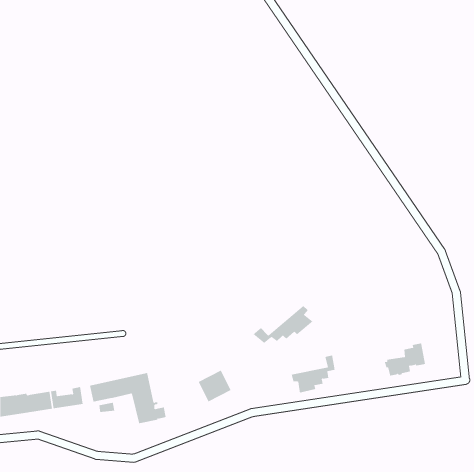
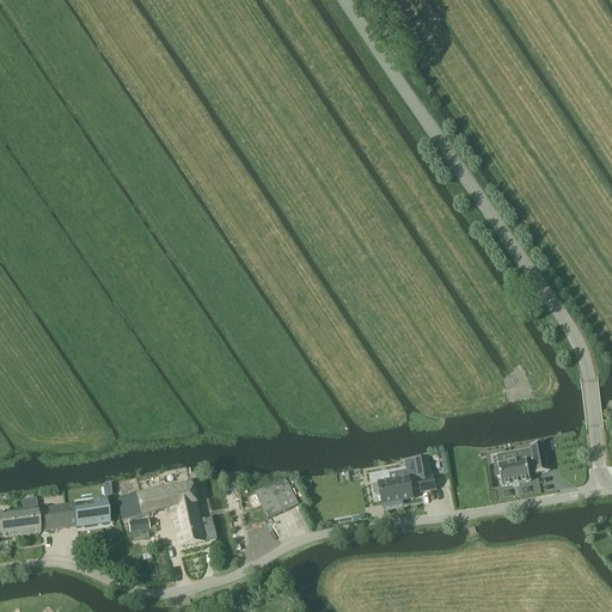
building: [253,305,314,344] -> none

